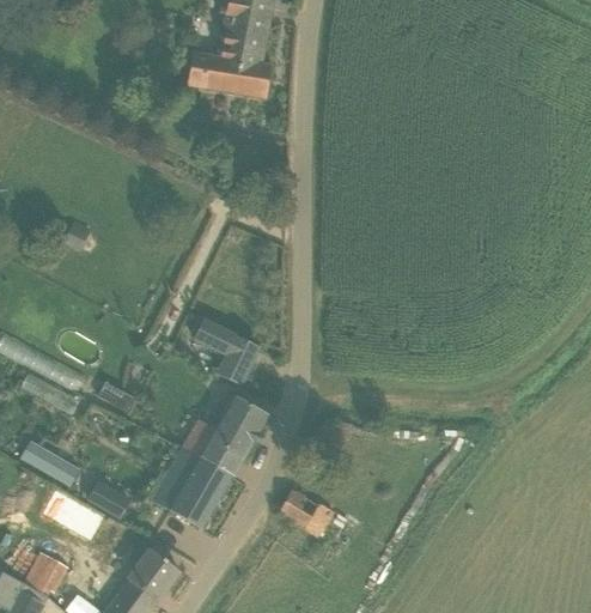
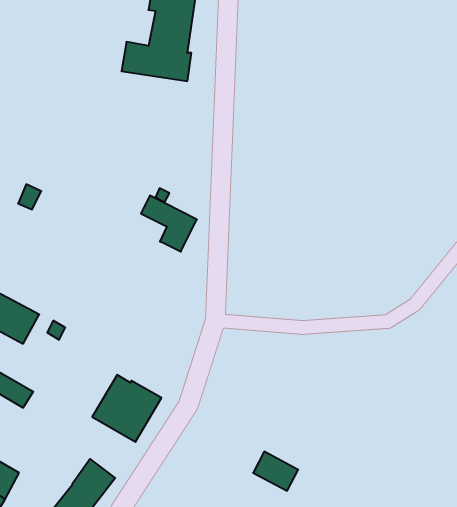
building: [193,317,260,384] -> [141,195,197,252]
building: [182,394,269,475] -> none
building: [87,482,128,517] -> none
building: [279,488,333,535] -> [253,452,298,491]

